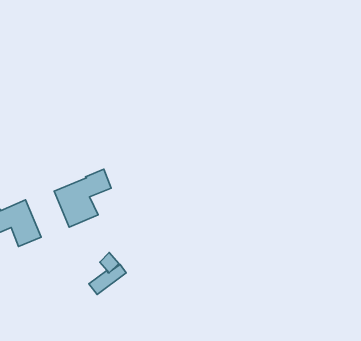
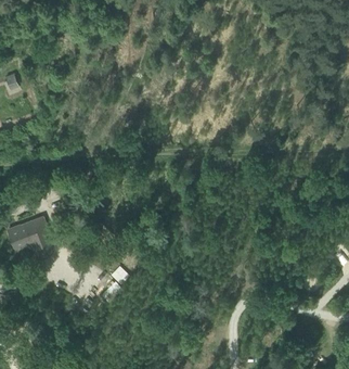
building: [54,169,111,227] -> none

